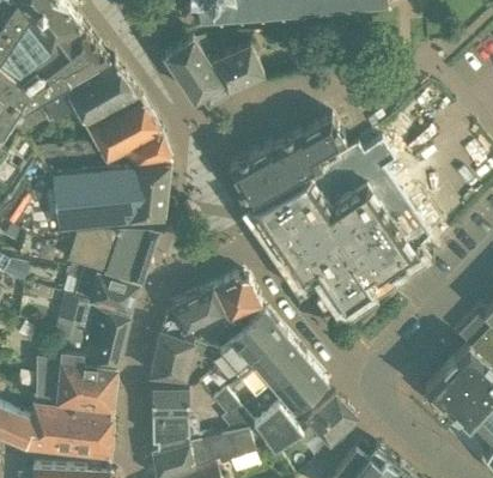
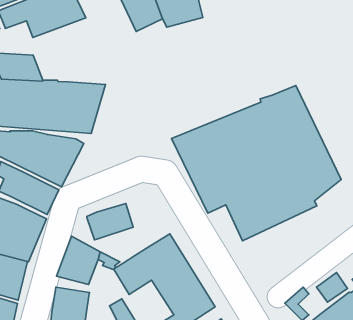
building: [85,96,172,169] -> none
building: [227,122,352,211] -> none
building: [213,276,262,343] -> none

